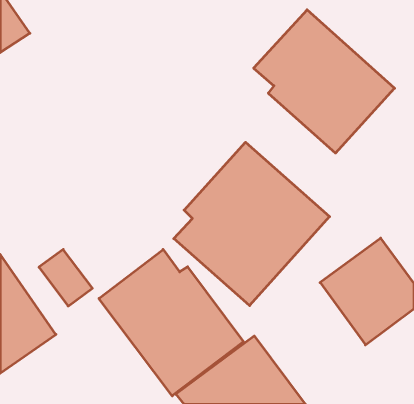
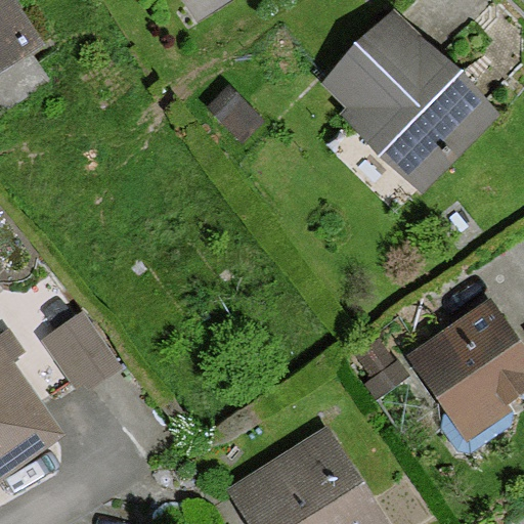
building: [174,142,330,306] -> none
building: [99,249,243,396] -> none

